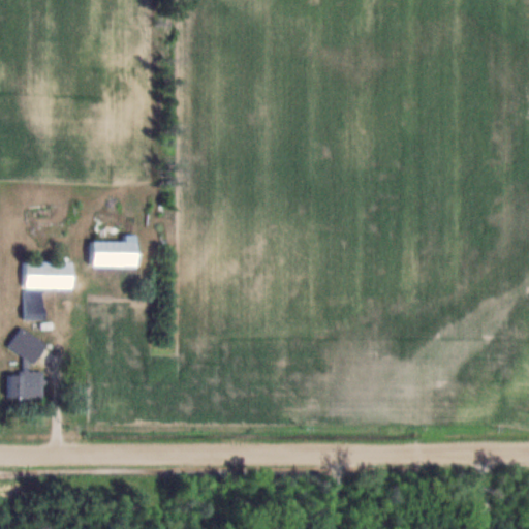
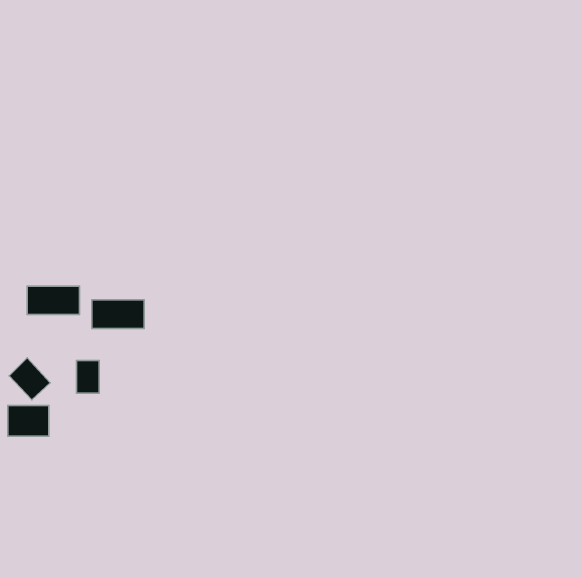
building: [90,242,137,268] -> [92,300,144,328]
building: [24,292,44,322] -> [77,360,99,393]

